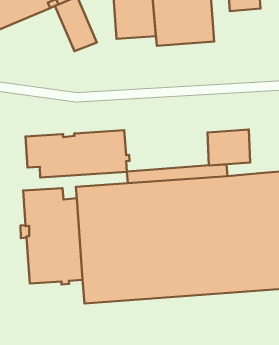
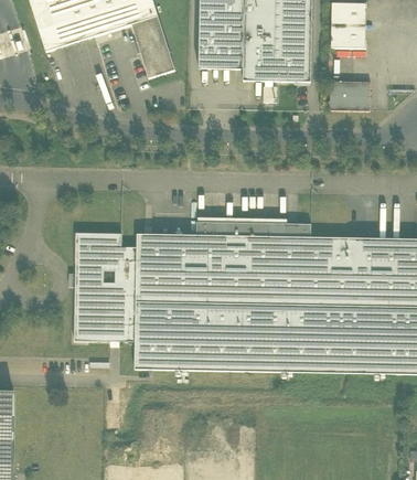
building: none -> [330,79,371,109]
building: [207,130,250,165] -> none
building: [25,130,129,177] -> none

